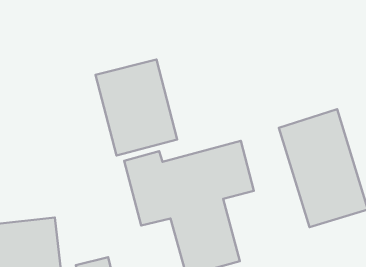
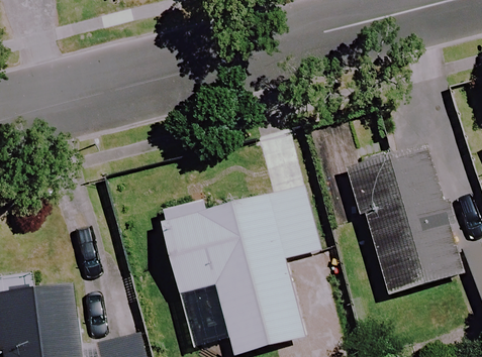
building: [95,59,177,156] -> none

